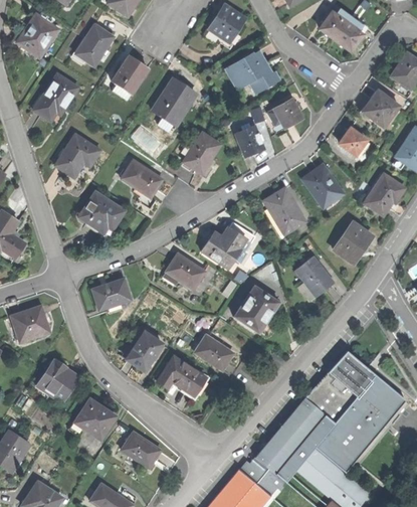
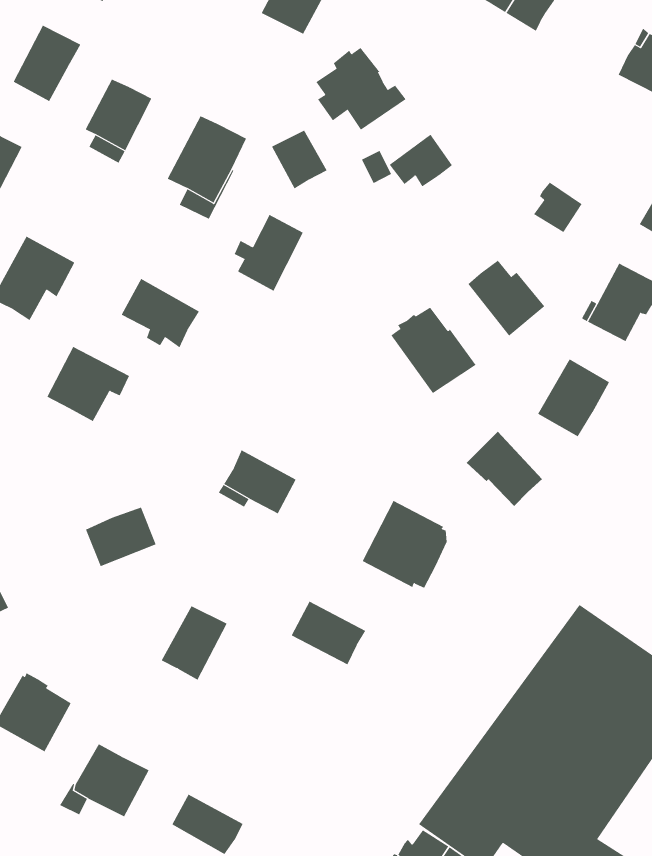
building: [362,91,398,127] -> none
building: [235,126,263,156] -> [271,130,327,189]
building: [202,222,255,268] -> none
building: [158,356,206,395] -> none

